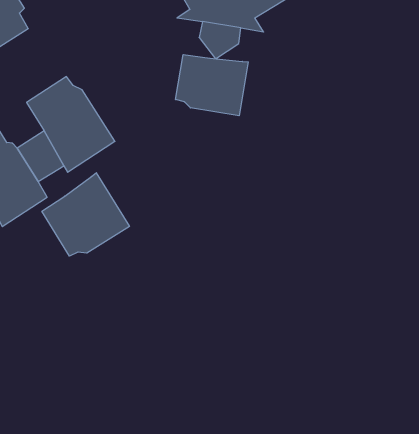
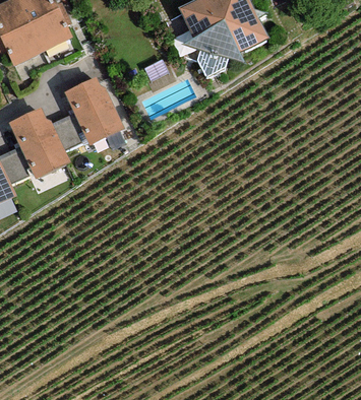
building: [176,55,248,116] -> none
building: [42,173,129,256] -> none

